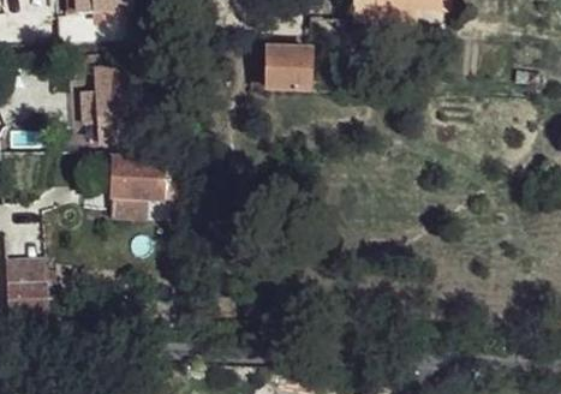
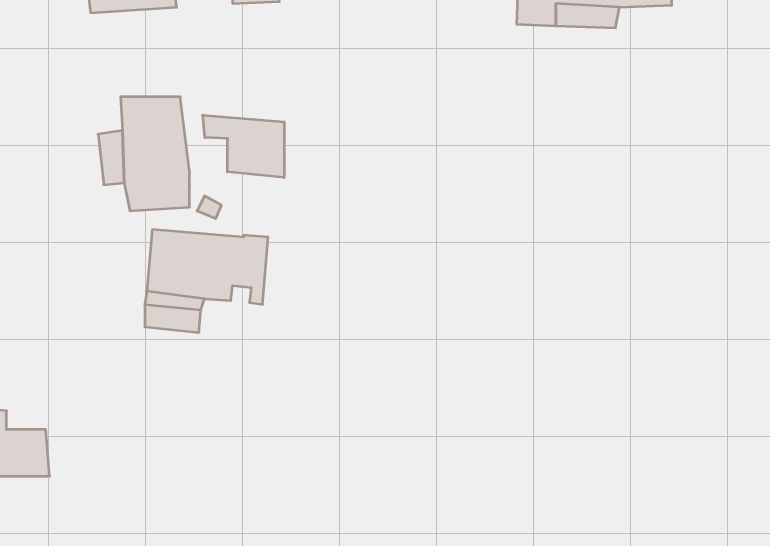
building: [265,48,308,90] -> none
building: none -> [203,115,284,178]

